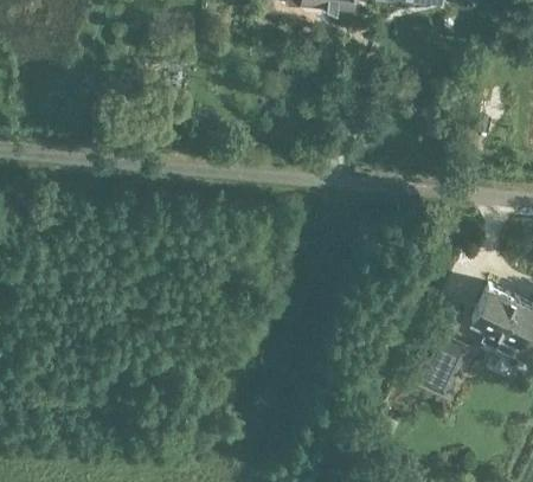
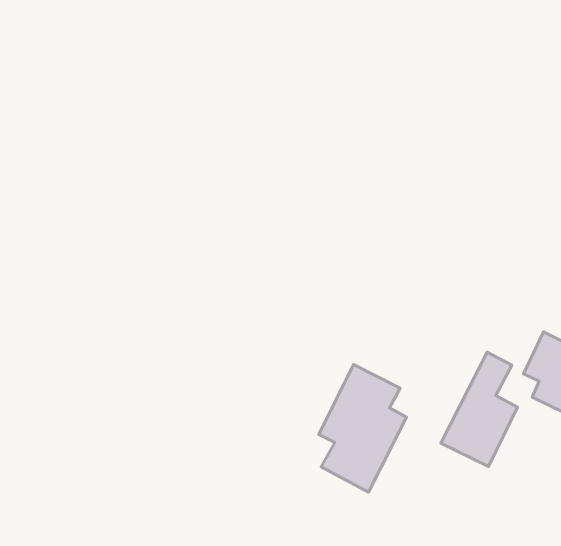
building: none -> [319,364,407,492]

